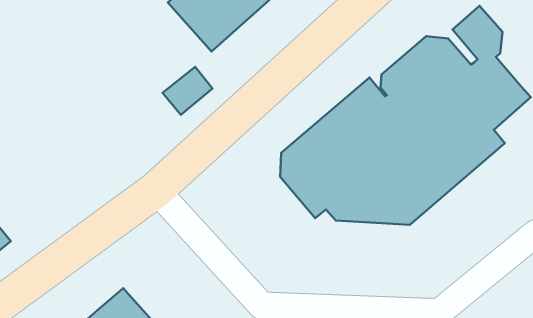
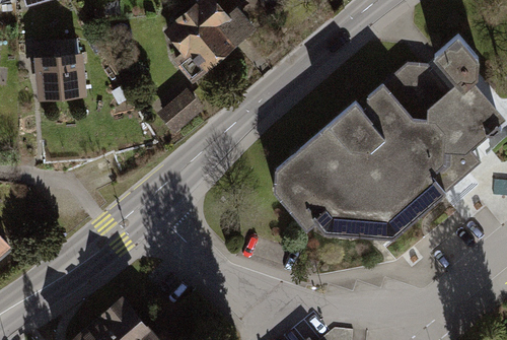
building: none -> [32,55,85,103]

